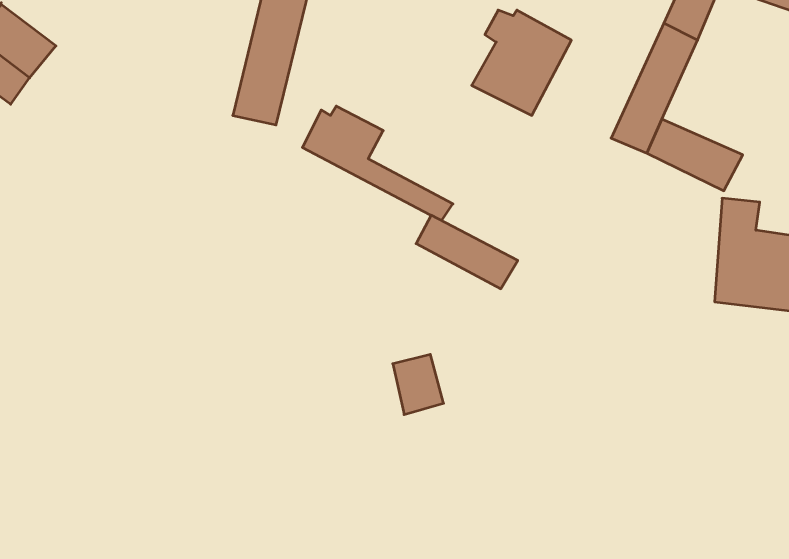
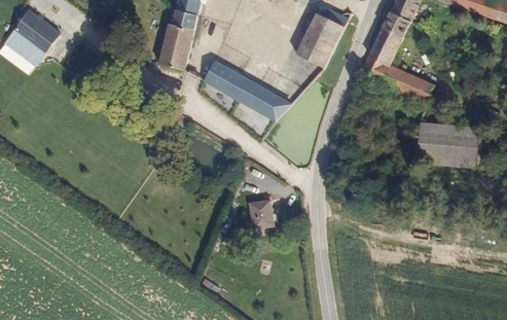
building: [416,215,518,289] -> [233,74,289,114]

